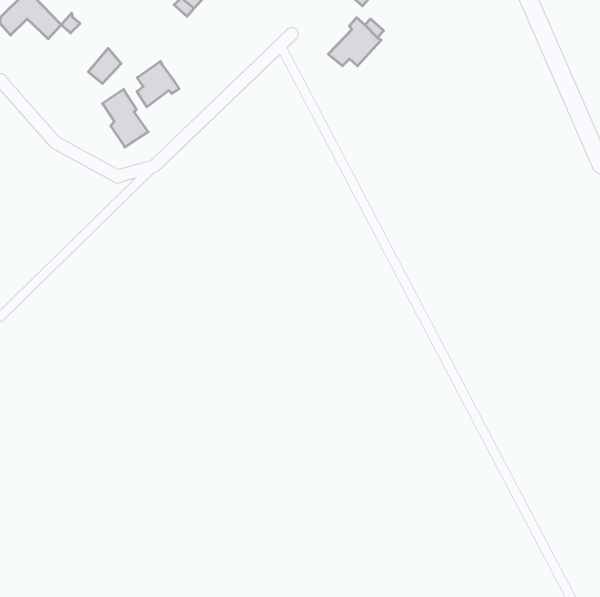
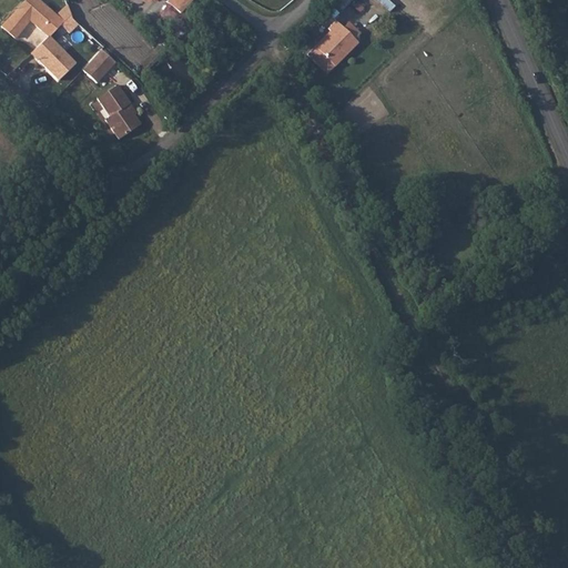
building: none -> [30,37,77,80]
building: [137,61,179,107] -> none

